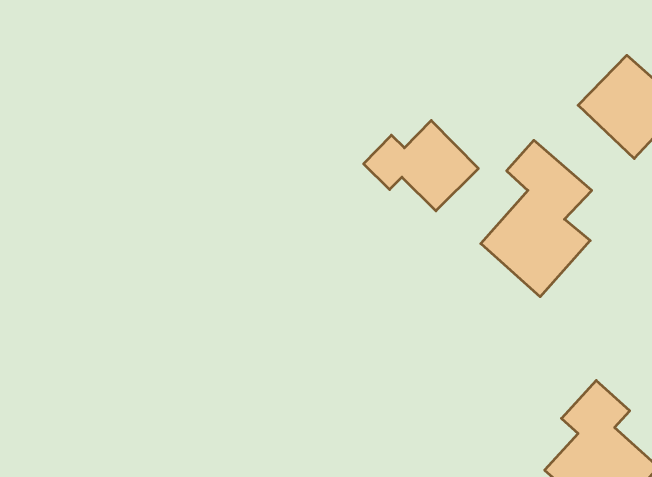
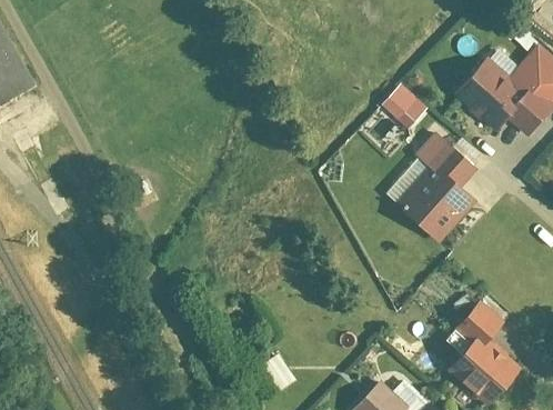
building: none -> [393,91,431,129]
building: [364,120,478,211] -> none

